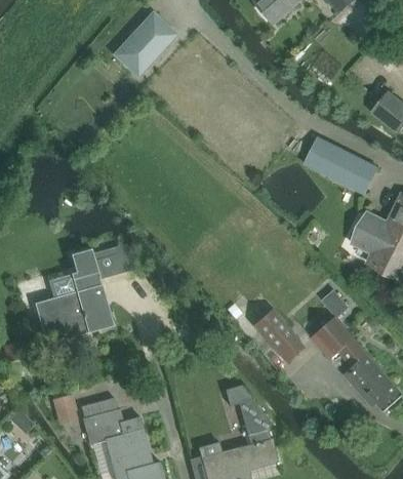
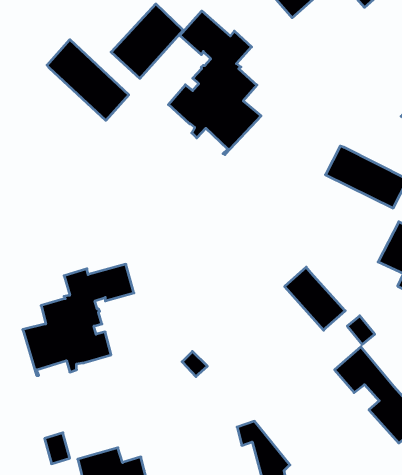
building: none -> [168,11,261,155]
building: none -> [47,40,129,120]
building: [253,308,308,364] -> [285,267,345,330]

